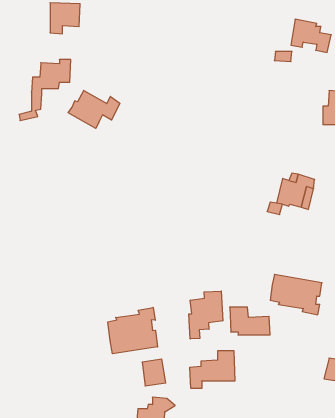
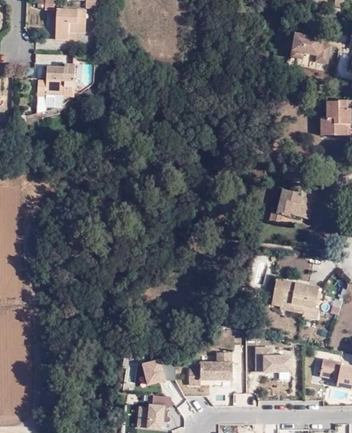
building: [68,90,120,128] -> none
building: [189,291,223,339] -> none
building: [230,307,270,335] -> [257,345,296,372]
building: [108,307,158,354] -> none

